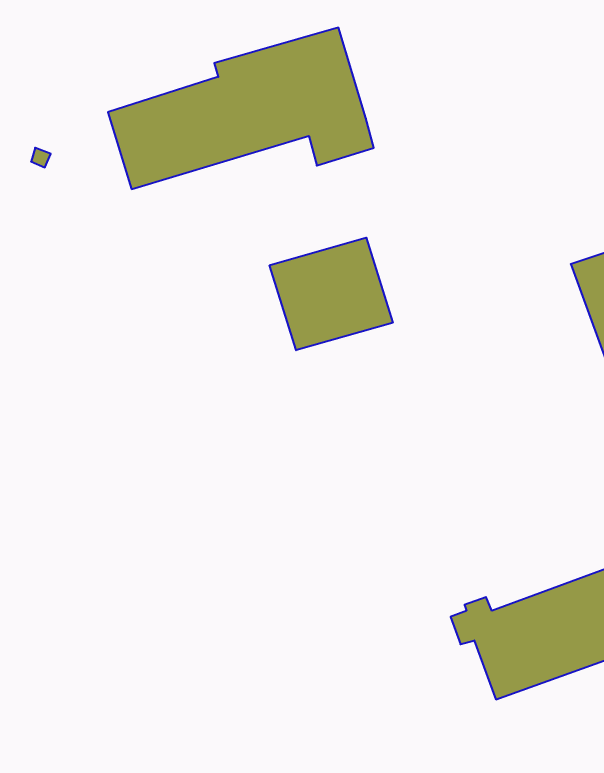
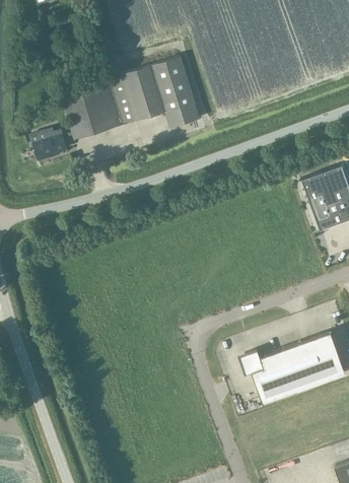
building: none -> [30,129,67,161]
building: [270,238,393,350] -> none

